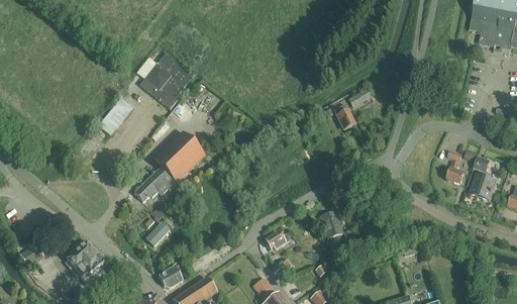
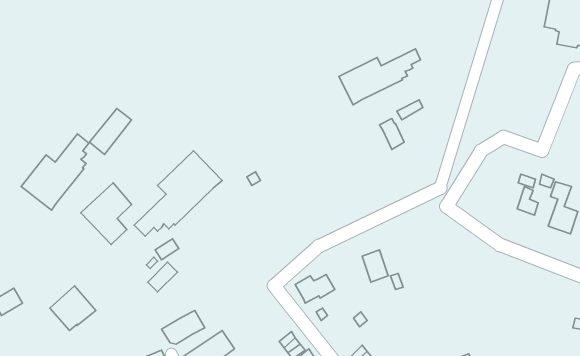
building: none -> [339,49,421,105]
building: [140,52,194,107] -> none
building: none -> [21,134,89,210]
building: none -> [81,183,131,245]

